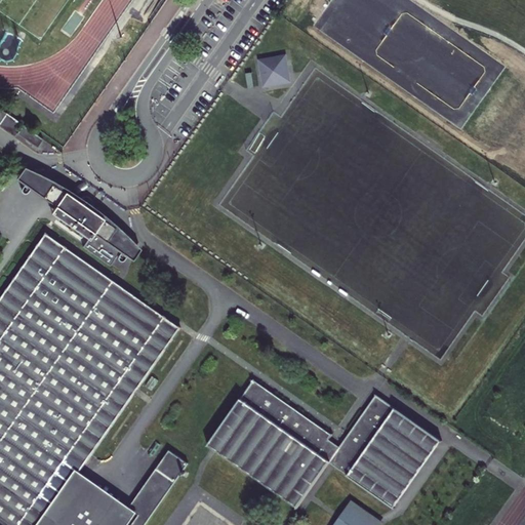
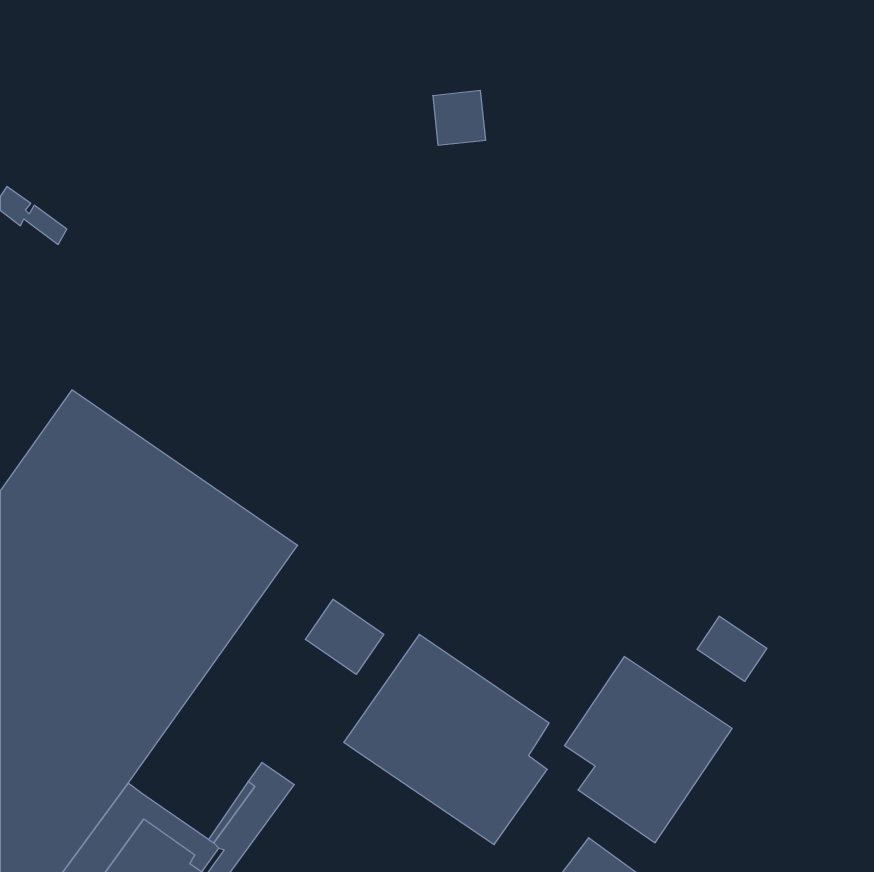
building: [16,167,140,265] -> none
building: none -> [305,599,384,674]
building: none -> [697,616,767,681]
building: [317,440,357,475] -> none

